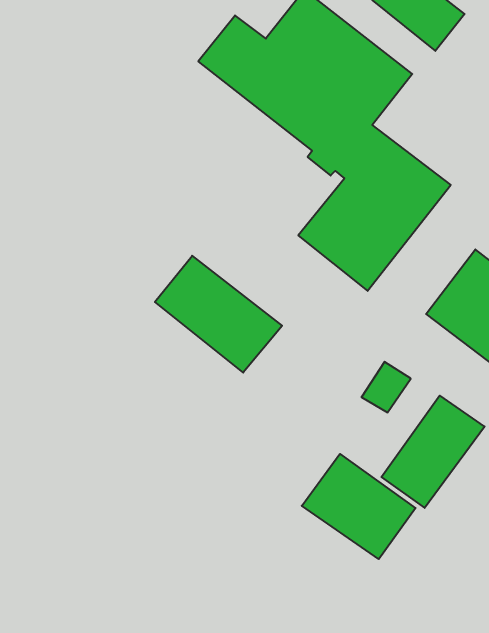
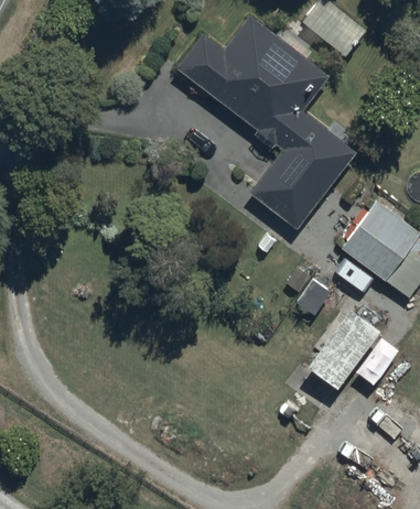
building: [155,256,282,373] -> none
building: [302,454,416,559] -> none

